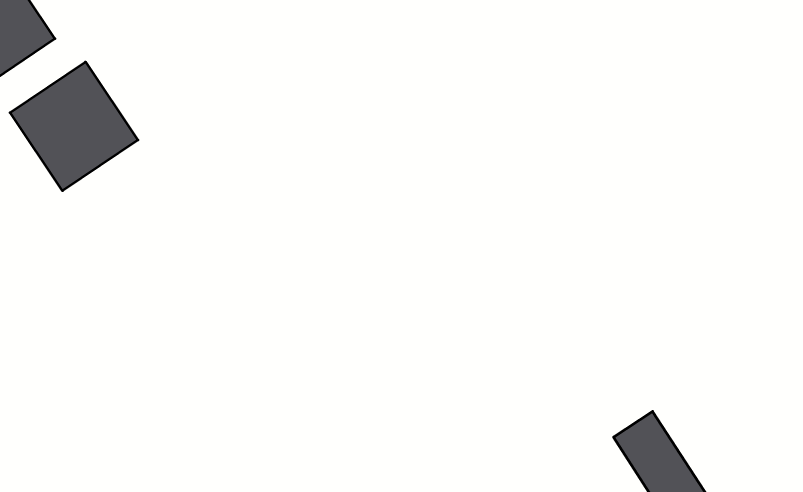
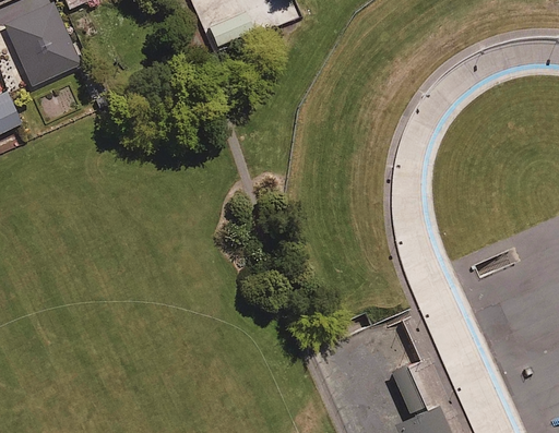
building: [10,62,138,191] -> none

